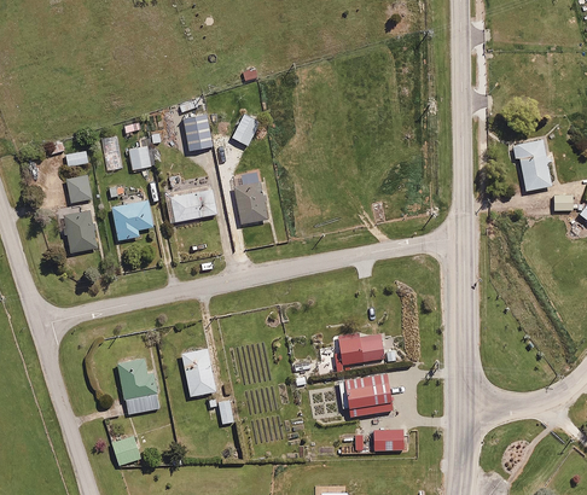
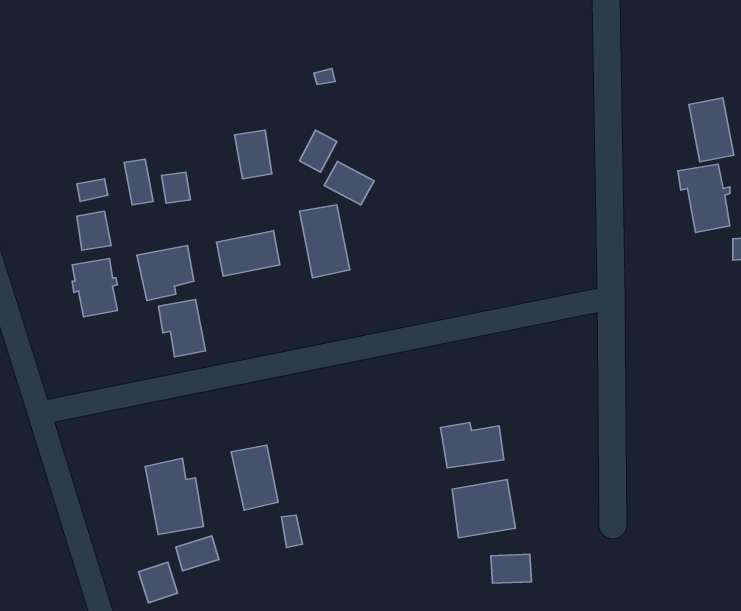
building: none -> [689,98,734,162]
building: none -> [324,162,374,205]
building: none -> [158,300,205,357]
building: none -> [176,536,219,571]

